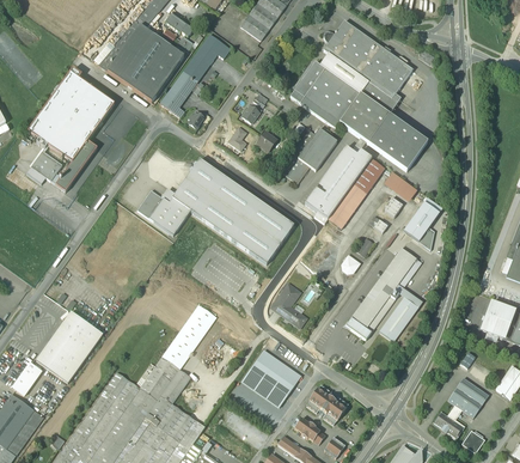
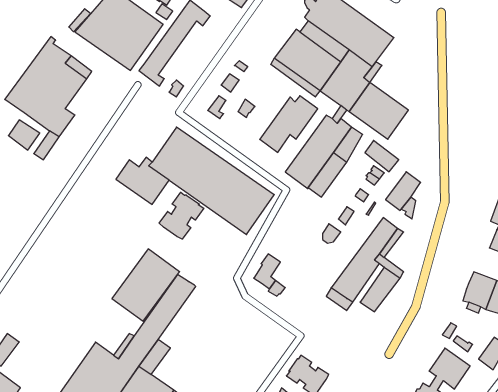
building: none -> [159,192,204,239]
building: [36,311,103,383] -> [112,249,180,321]
building: [241,348,301,407] -> none

